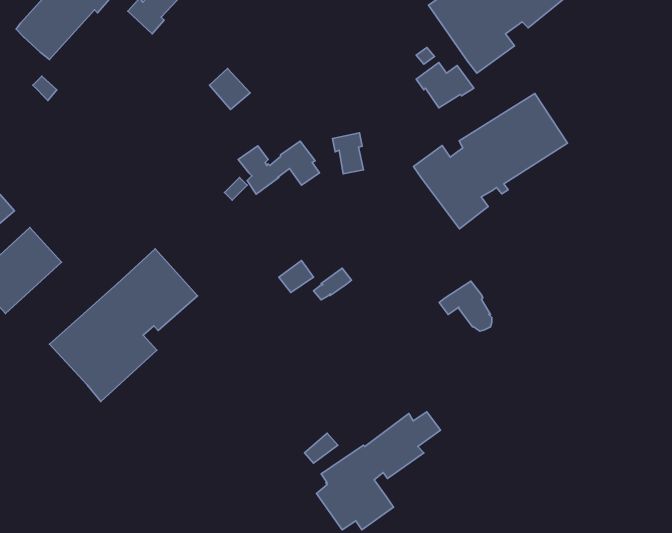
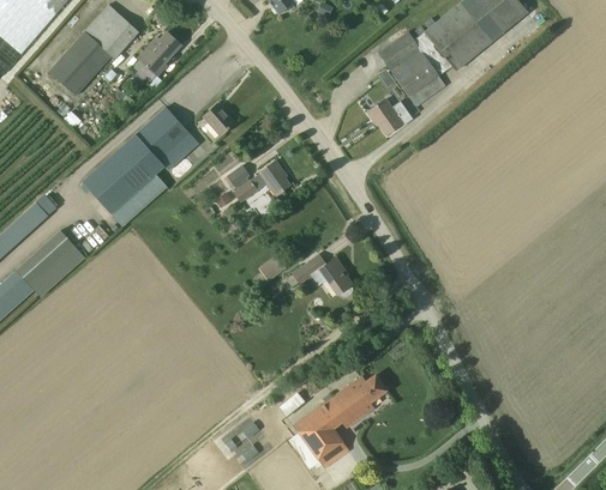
building: [413,93,568,229] -> none
building: [333,133,363,174] -> none
building: [49,249,197,402] -> [82,105,199,226]
building: [439,281,492,331] -> [311,258,353,297]

